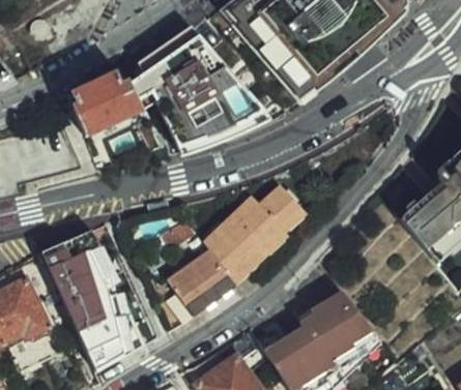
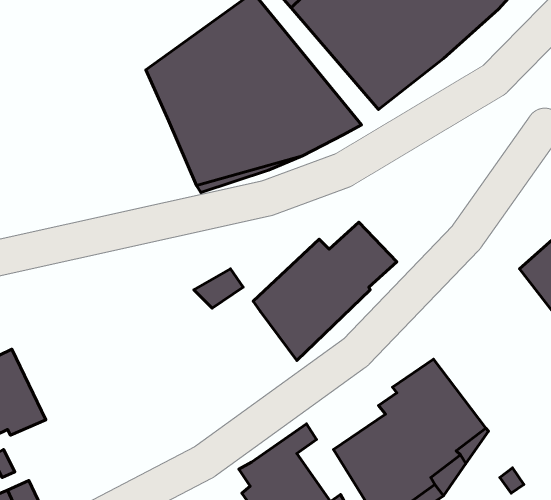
building: [68,71,142,134] -> none
building: [41,230,145,372] -> none
building: [156,248,236,331] -> none

